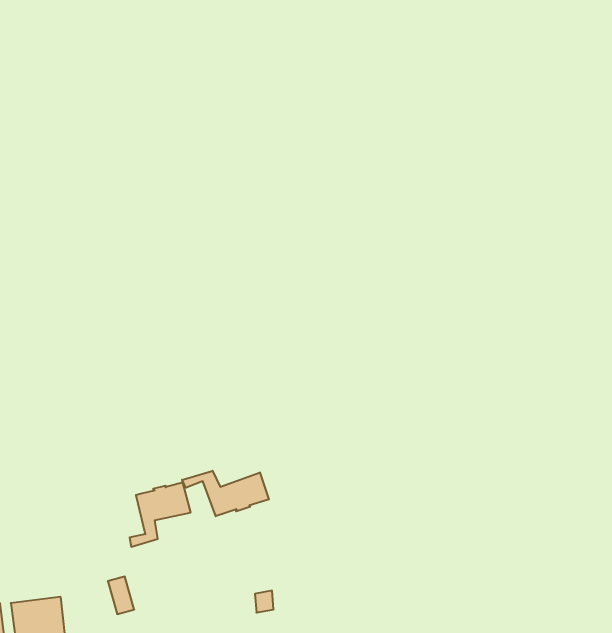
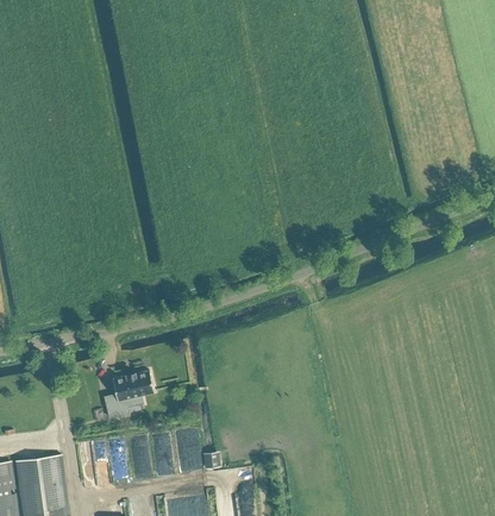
building: [182,471,269,516] -> none

